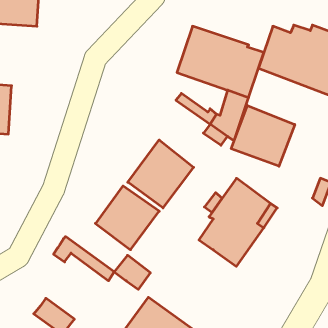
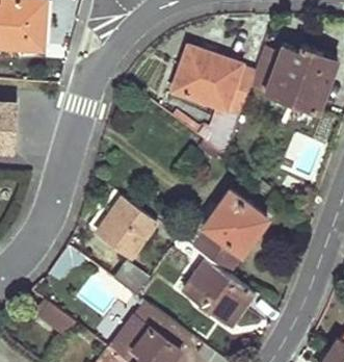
building: [231,105,295,166] -> none
building: [128,140,194,208] -> none
building: none -> [183,258,255,325]

